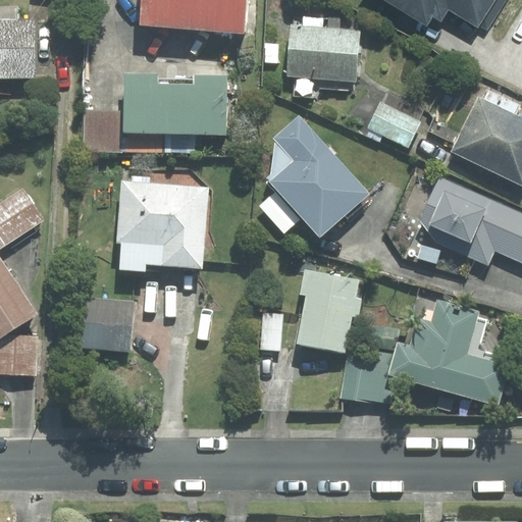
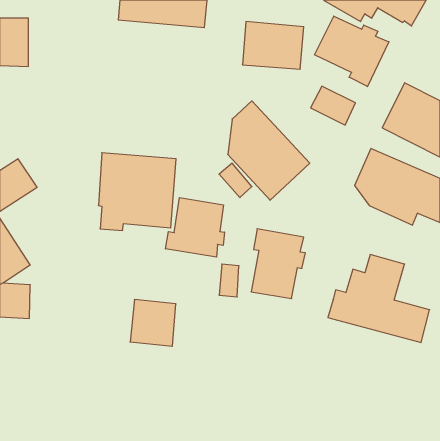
building: none -> [315,16,389,87]
building: [122,73,225,136] -> none
building: none -> [166,198,224,257]
building: [80,297,134,352] -> [130,300,176,346]
building: [341,348,395,404] -> none

